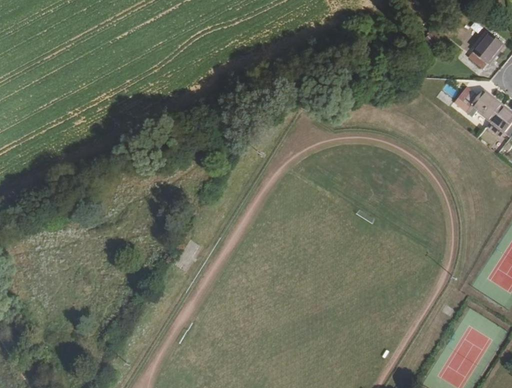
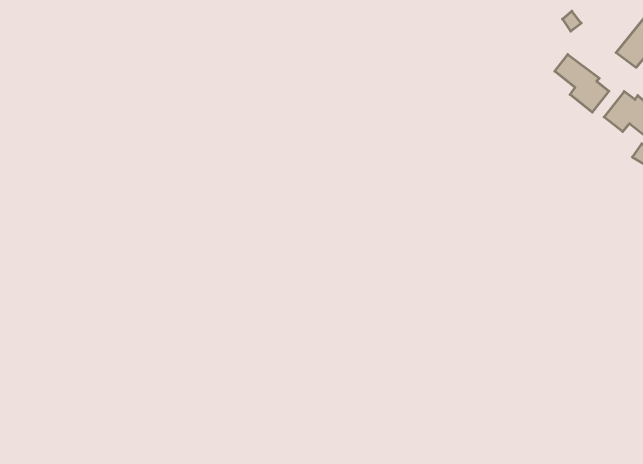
building: none -> [555,54,609,112]

